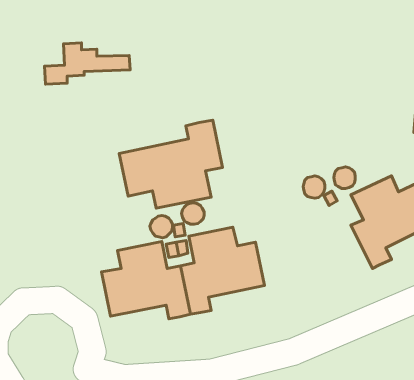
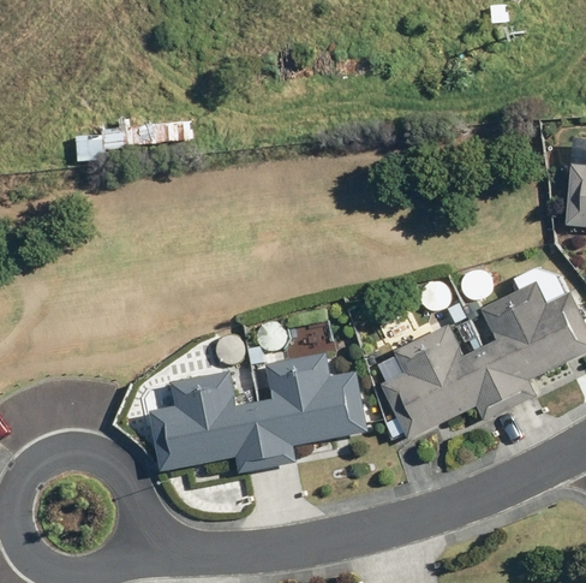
building: [119,120,222,208] -> none
building: none -> [382,325,510,438]

